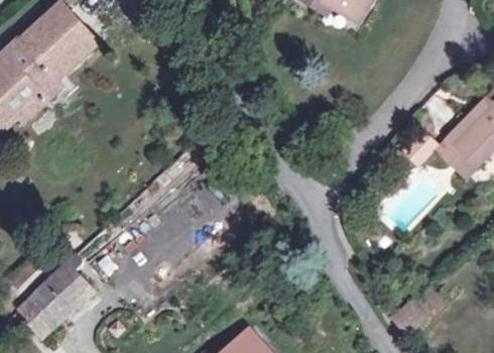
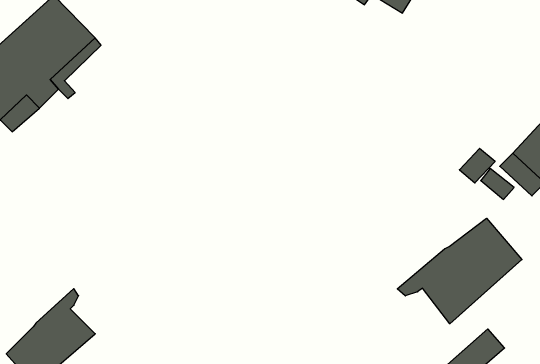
building: none -> [397,218,522,324]

